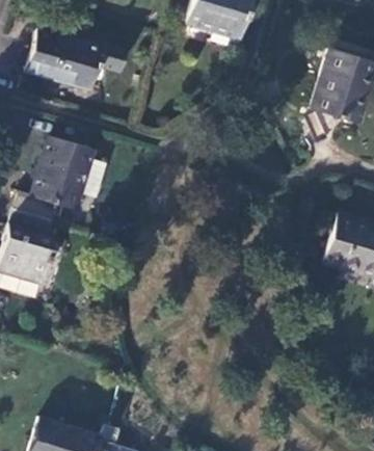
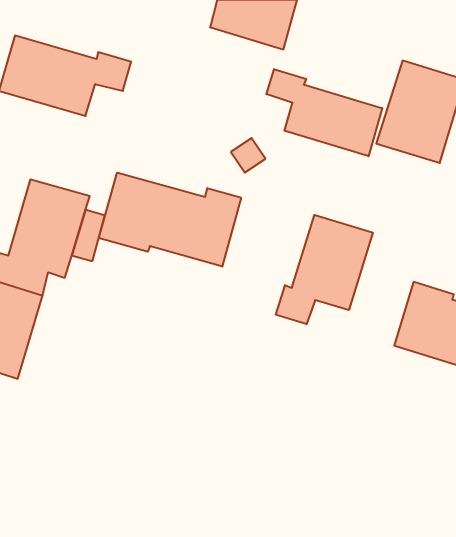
building: none -> [266,69,382,156]
building: none -> [99,173,241,267]
building: none -> [276,215,373,324]

